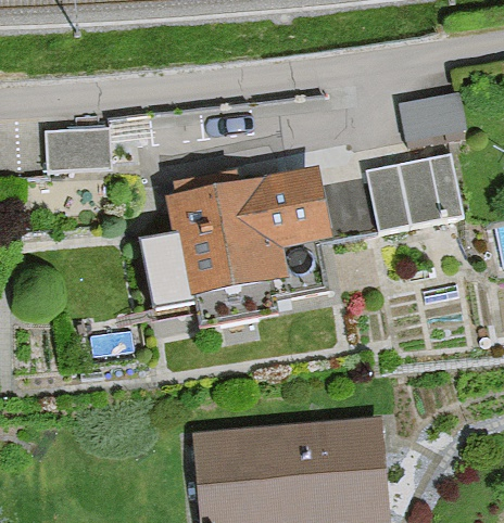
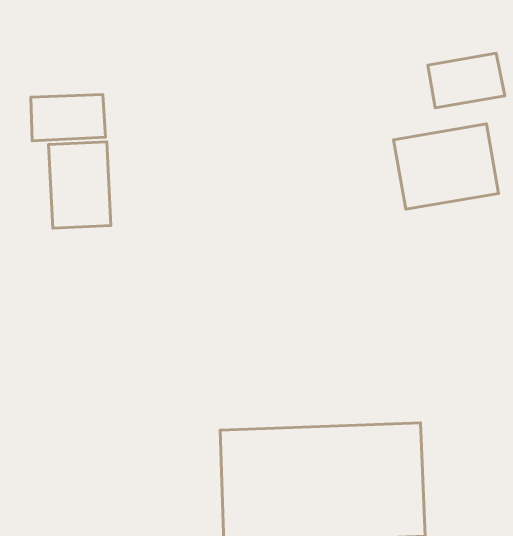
building: none -> [49,142,111,228]
building: [178,180,331,319] -> none

